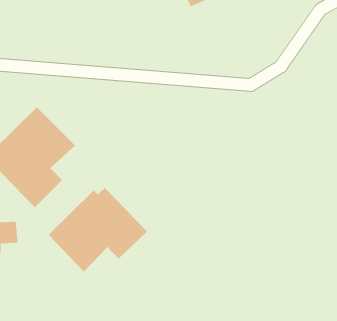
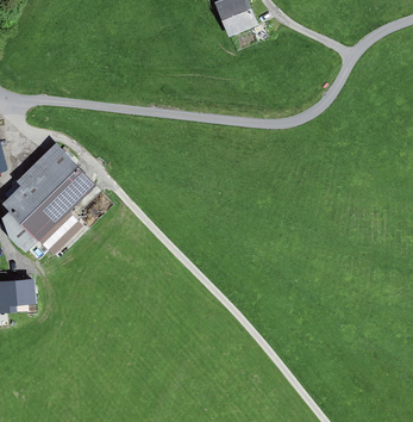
building: [48,187,148,273] -> none

